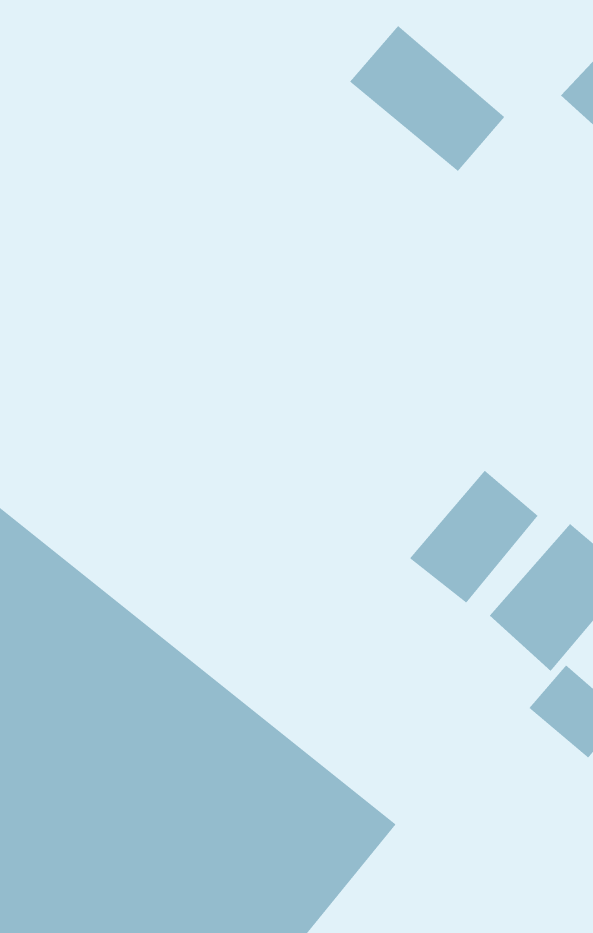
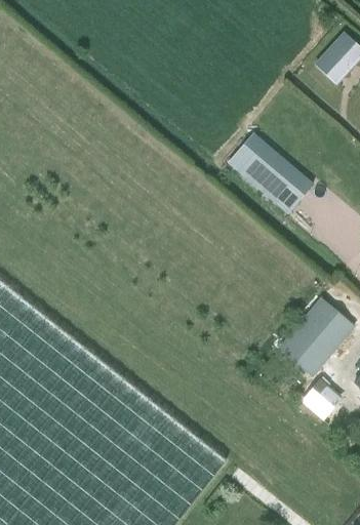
building: [349,25,505,172] -> [226,133,311,213]
building: [409,470,538,604] -> none

